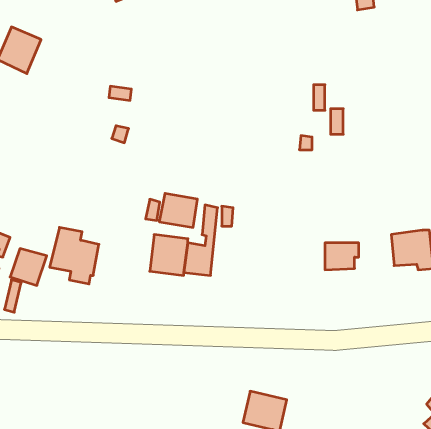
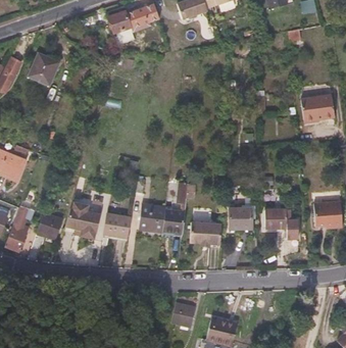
building: none -> [301,94,335,125]
building: [159,193,197,227] -> [103,212,131,237]
building: none -> [229,203,255,228]
building: none -> [189,220,220,244]
building: none -> [170,301,196,327]

